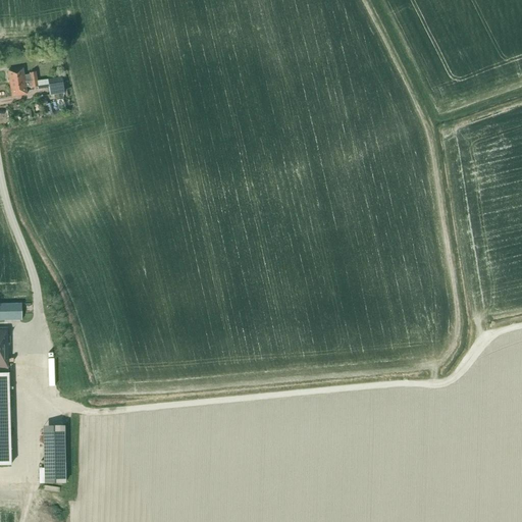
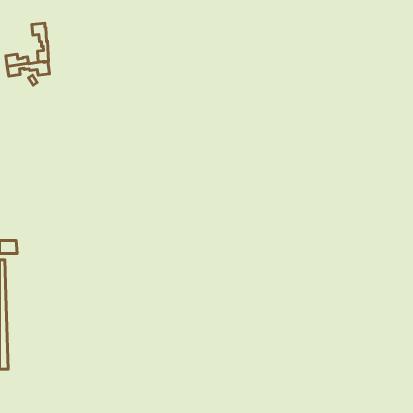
building: none -> [32,23,49,62]
building: [42,425,65,483] -> none

